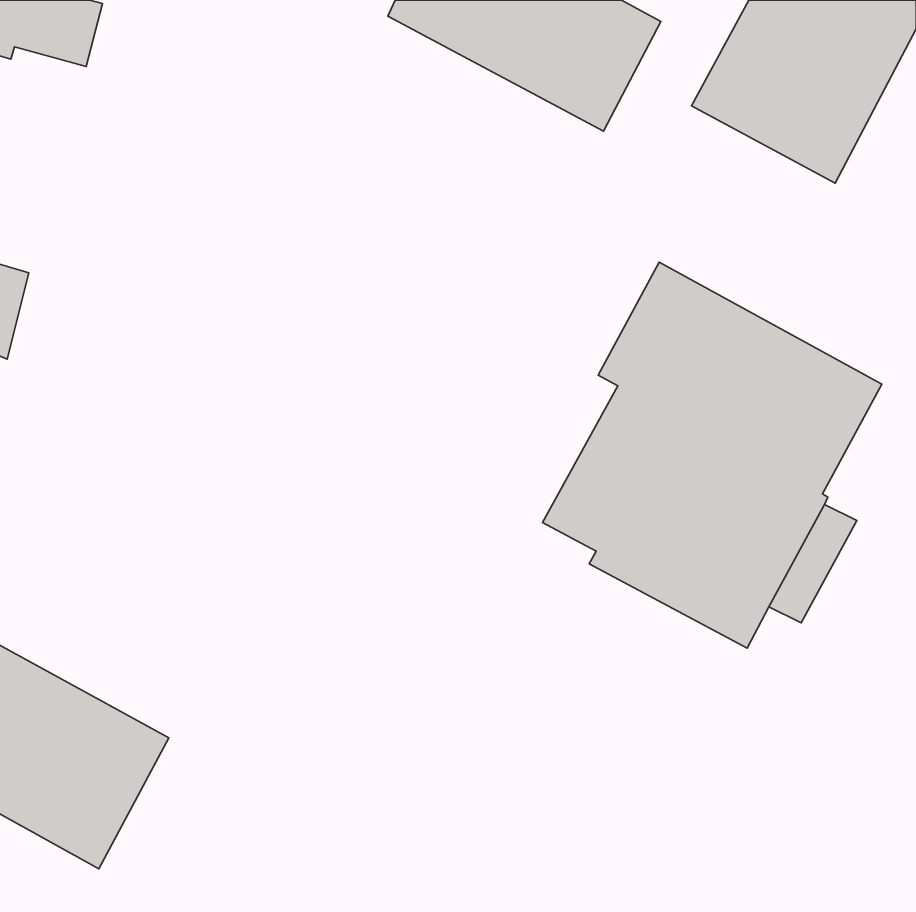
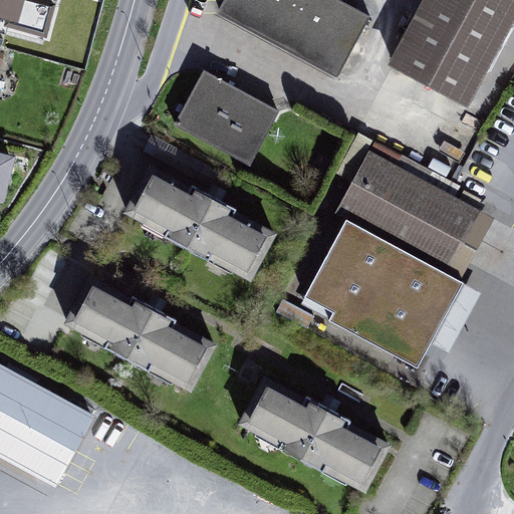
building: none -> [175,70,278,164]
building: none -> [122,163,277,280]
building: none -> [62,273,216,391]
building: none -> [238,374,391,492]

